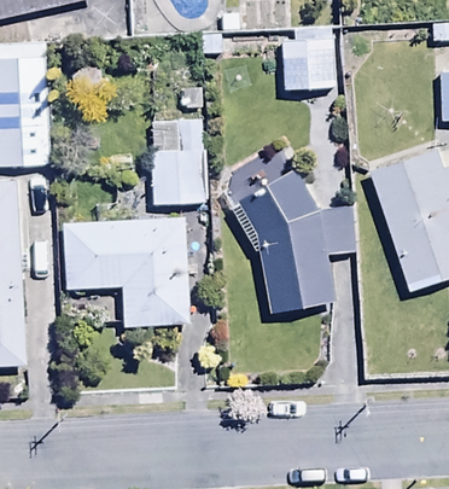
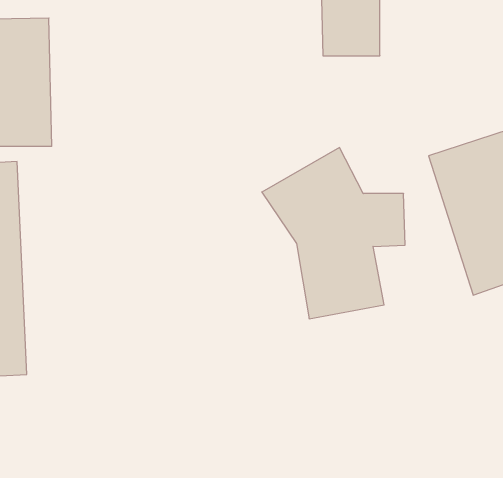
building: [150,118,203,204] -> none
building: [64,217,191,327] -> none

